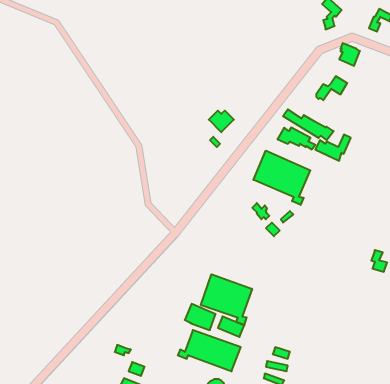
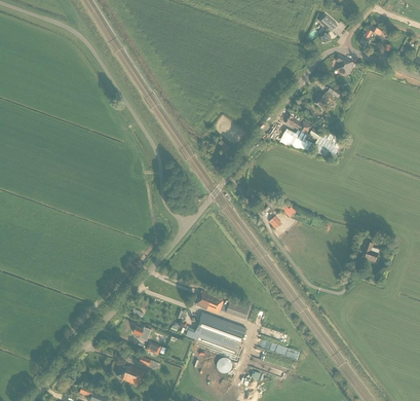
building: [253,151,310,205] -> none
building: [201,274,252,325] -> none

